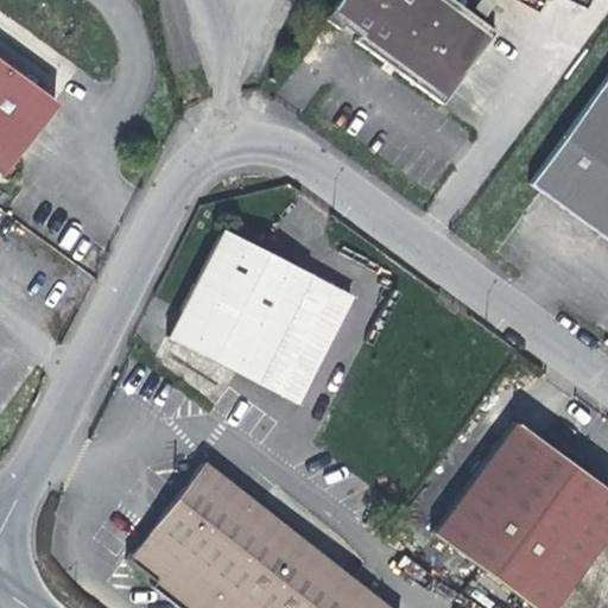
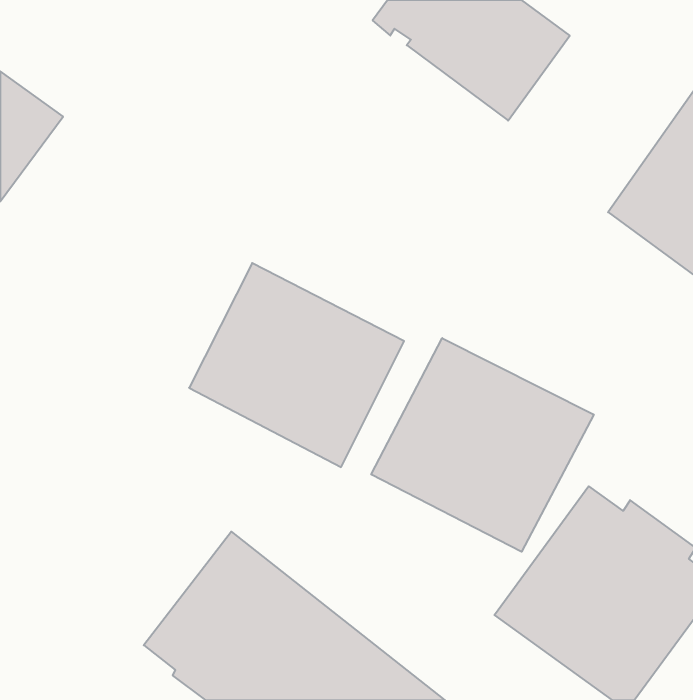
building: none -> [371,338,594,552]

